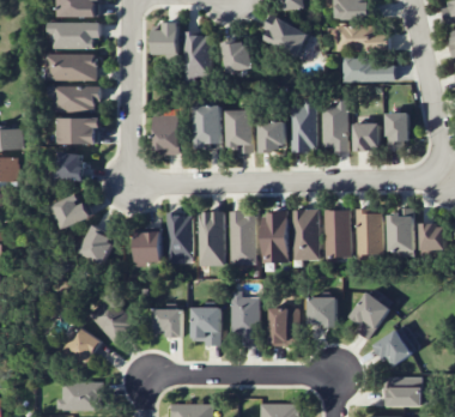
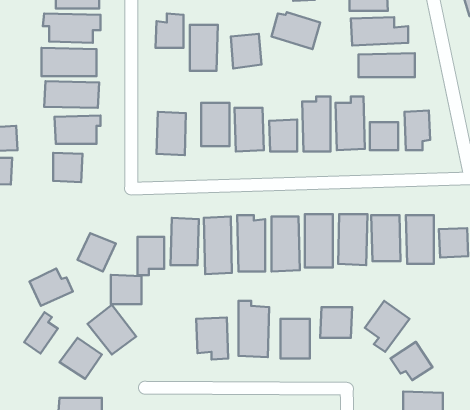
building: [50,194,91,229] -> [29,269,73,306]
building: none -> [24,312,58,354]
building: [153,308,182,336] -> [111,275,141,304]

